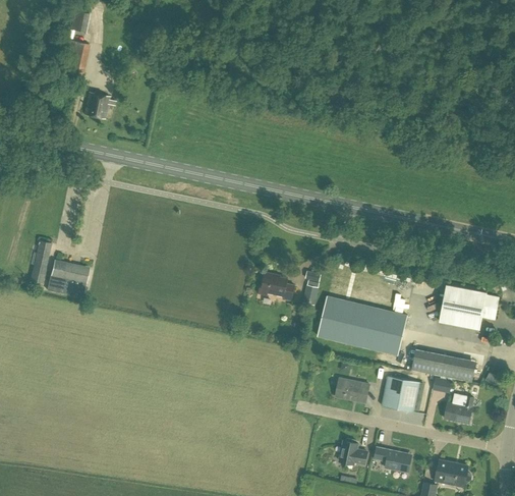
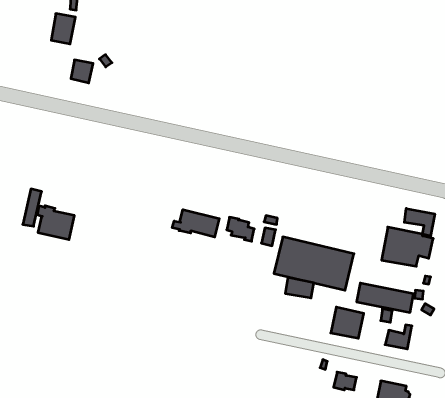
building: none -> [404,208,435,236]
building: none -> [172,210,219,237]
building: [335,378,367,401] -> [285,277,314,298]
building: [338,437,366,463] -> none

